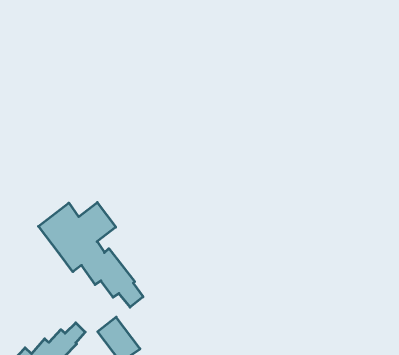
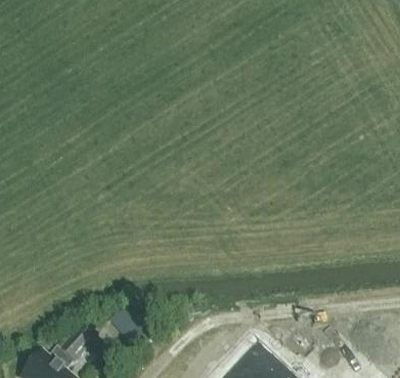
building: [38,202,143,307] -> none

